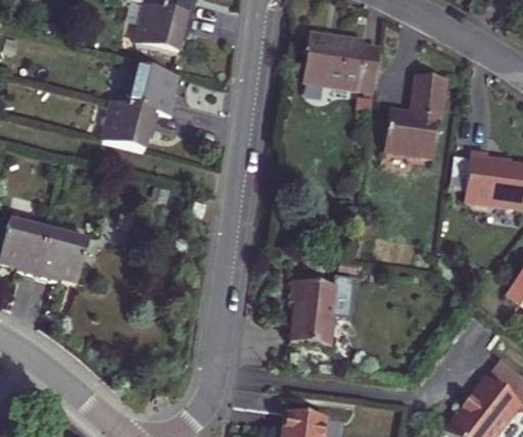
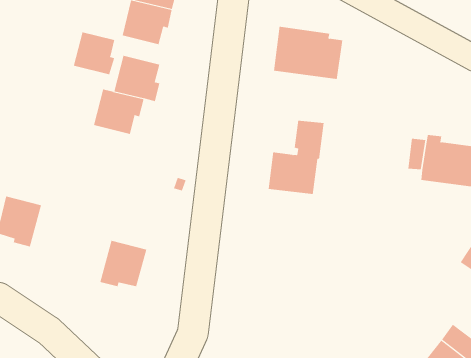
building: none -> [73,32,115,75]
building: [384,75,446,156] -> [268,120,325,195]
building: [37,229,89,280] -> [99,240,147,287]
building: [290,281,344,346] -> none

